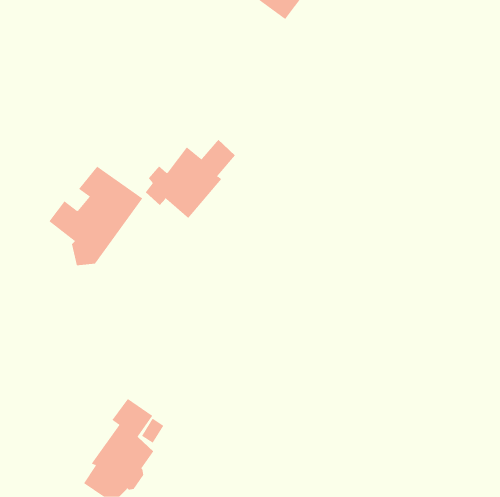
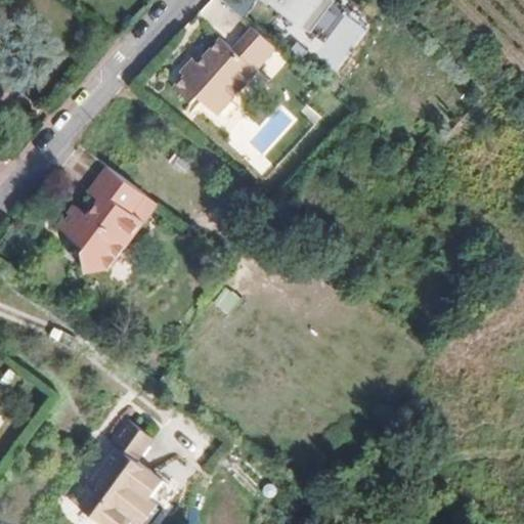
building: [145,139,236,219] -> [175,28,269,111]

